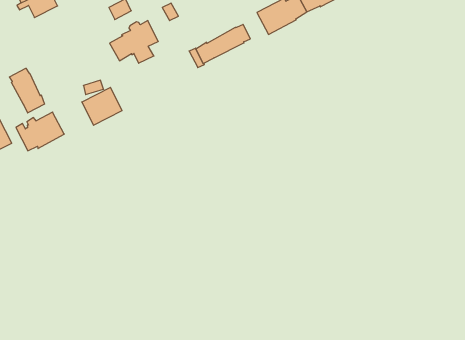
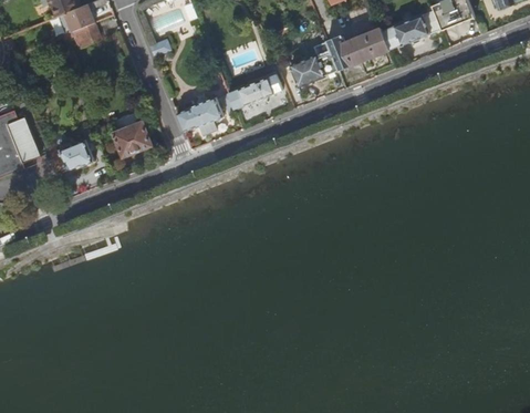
building: [110,21,158,63] -> [176,96,222,136]
building: [9,68,44,113] -> none

